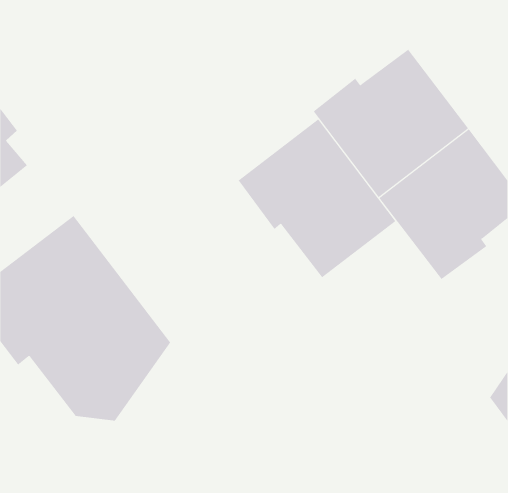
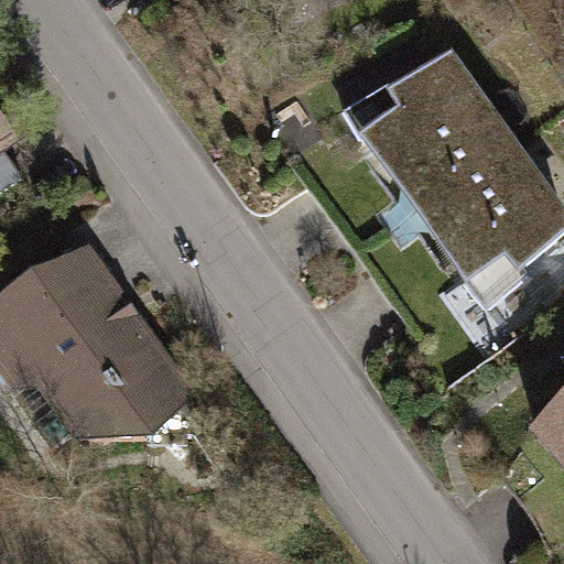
building: [238,119,396,278] -> none

